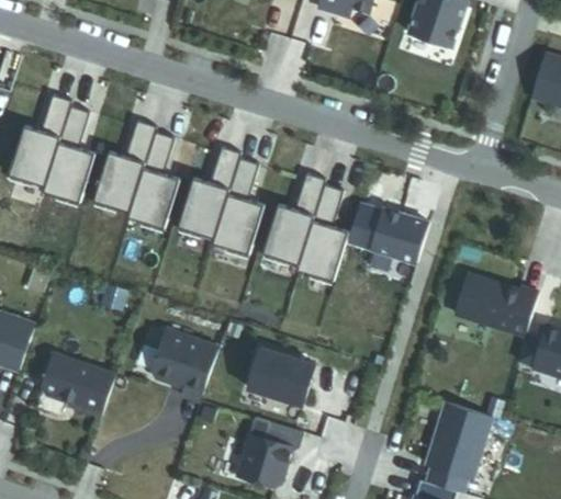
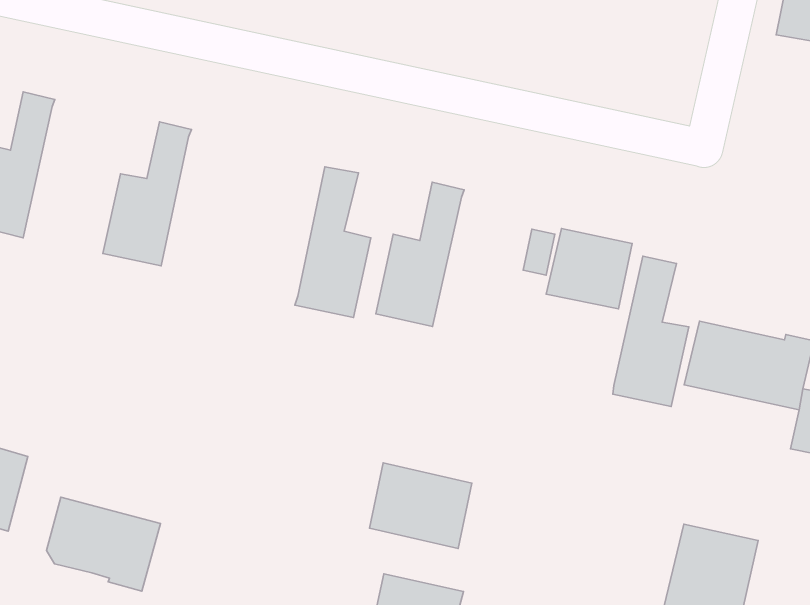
building: [43,105,94,203] -> none
building: [127,132,179,228] -> none
building: [178,147,240,238] -> none
building: [296,184,348,281] -> [613,256,689,407]
building: [152,329,218,402] -> none

